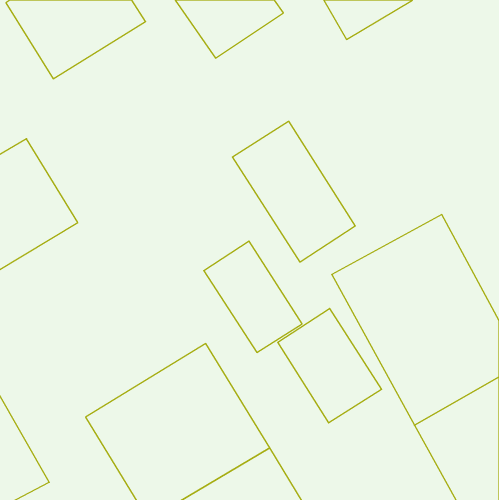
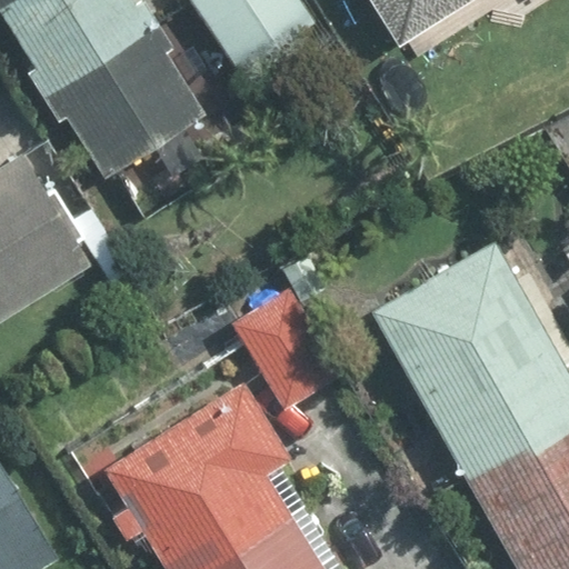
building: none -> [60,28,210,164]
building: [232,121,355,262] -> none
building: [278,308,382,423] -> none

